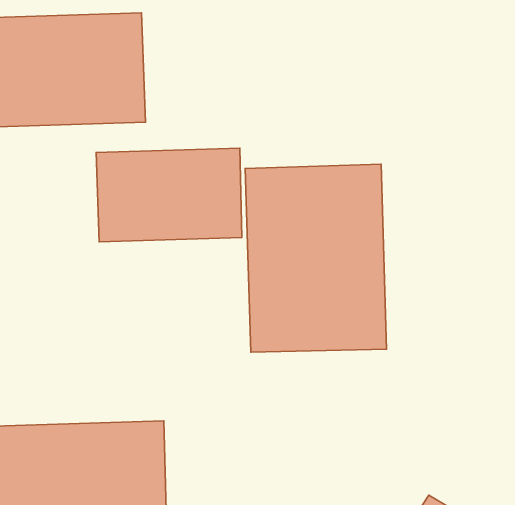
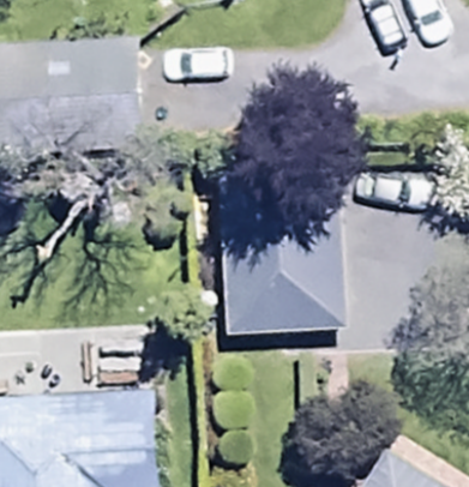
building: [96,148,242,242] -> none

